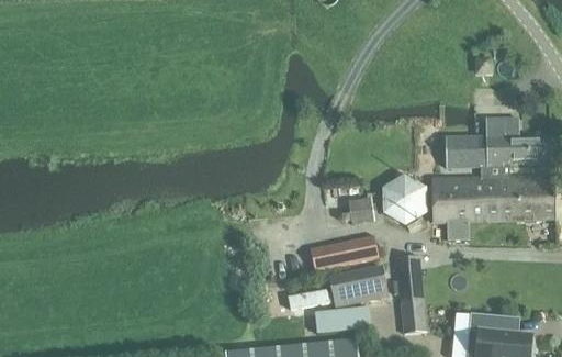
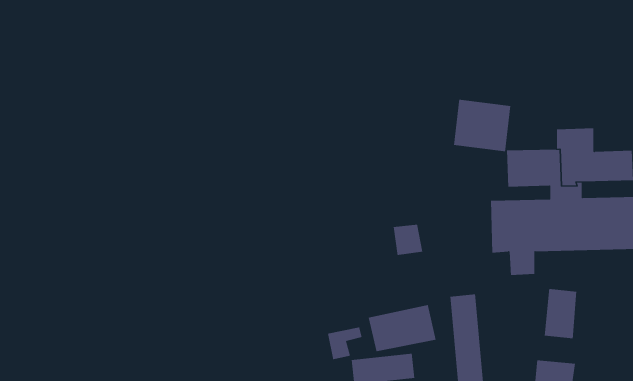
building: [381,174,429,217] -> [453,99,511,152]
building: [310,236,378,271] -> none
building: none -> [544,288,577,339]

